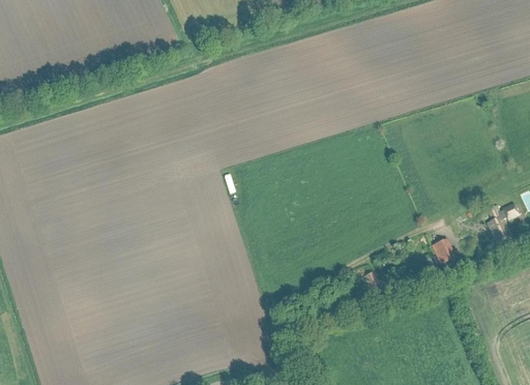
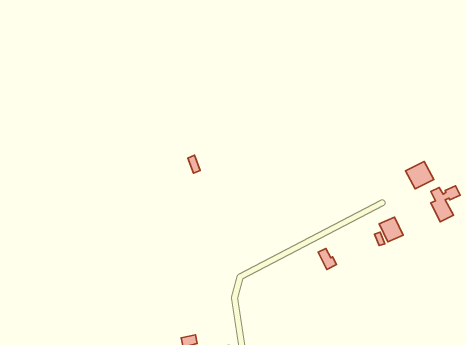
building: none -> [405,161,434,189]

